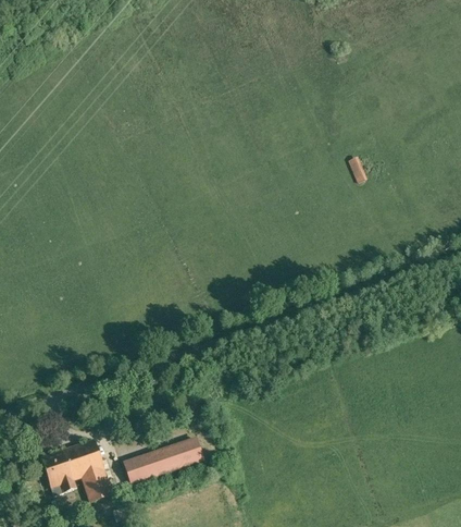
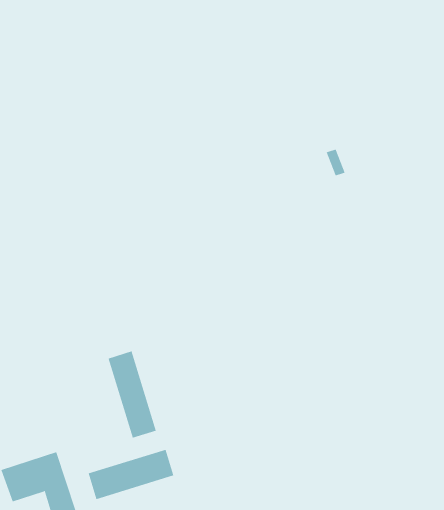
building: none -> [108,351,157,439]

